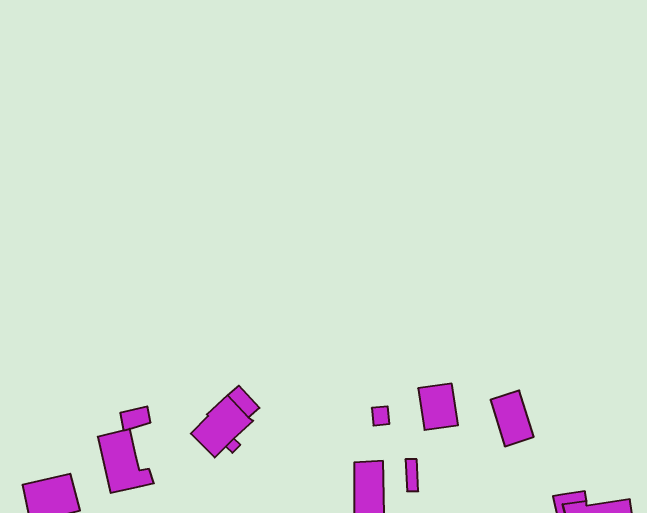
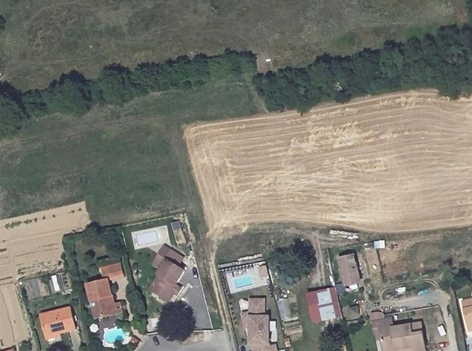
building: [418,384,458,430] -> [310,291,335,320]

